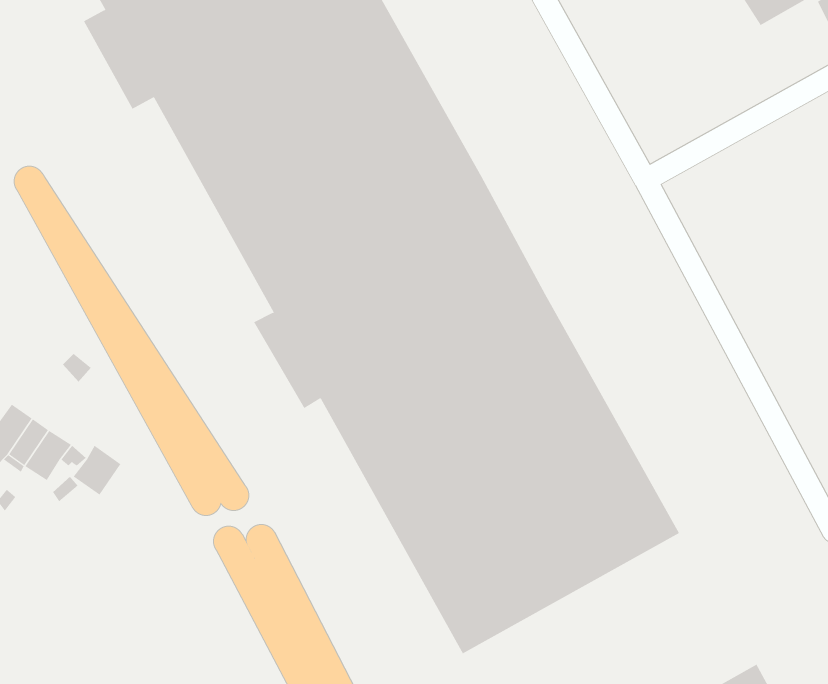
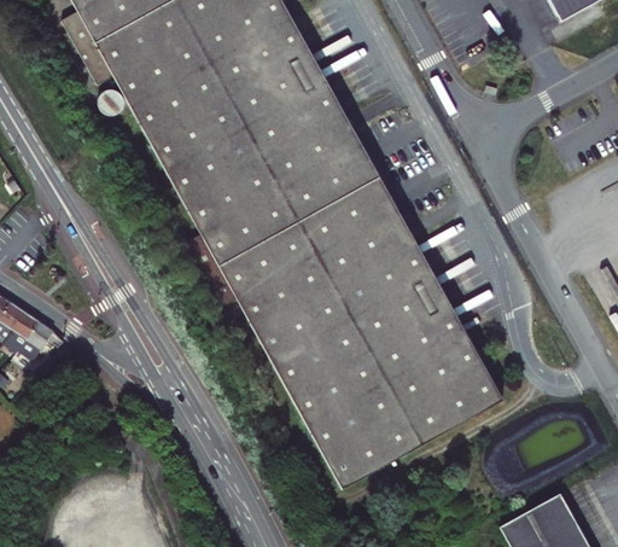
building: [73,445,121,496] -> none

